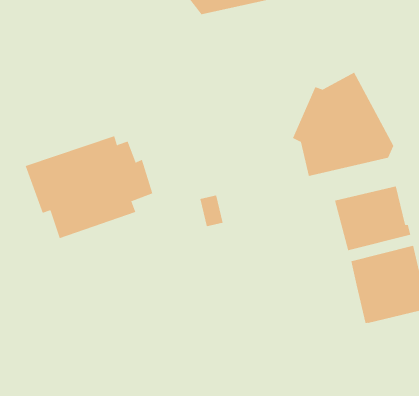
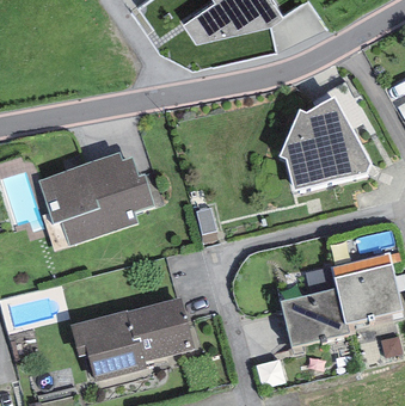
building: [334,186,411,251] -> [280,288,349,346]
building: none -> [68,297,192,382]

